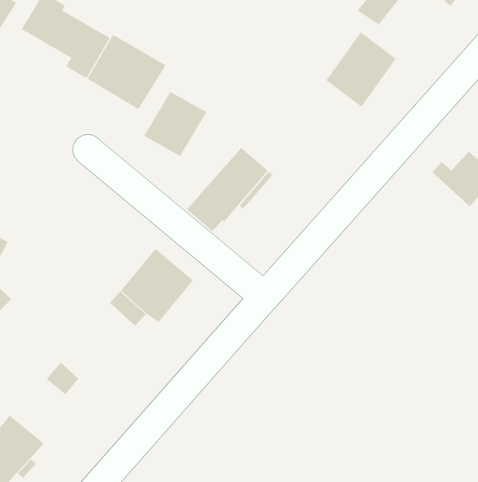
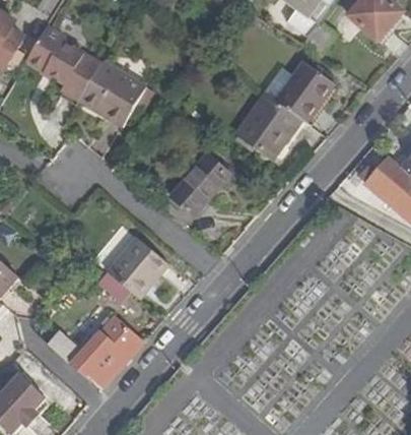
building: none -> [235,91,300,159]
building: [143,91,207,157] -> none
building: none -> [74,315,144,387]

